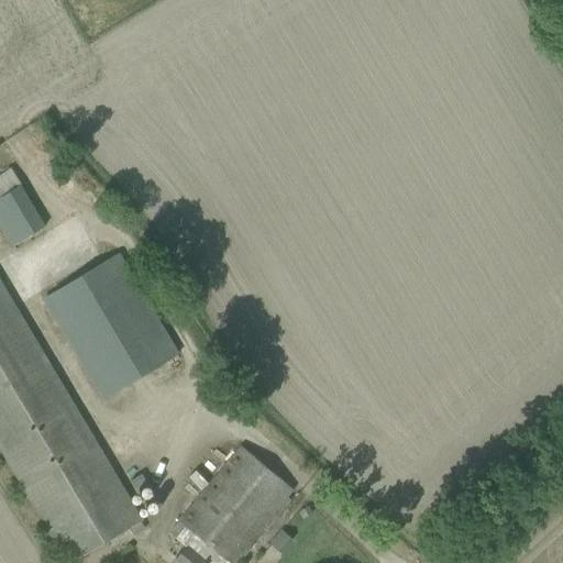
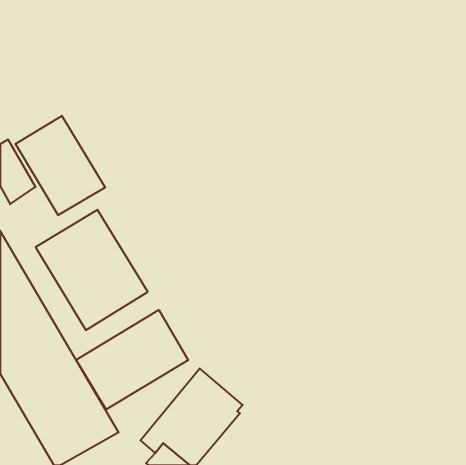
building: none -> [15,116,105,215]
building: none -> [76,310,188,409]

